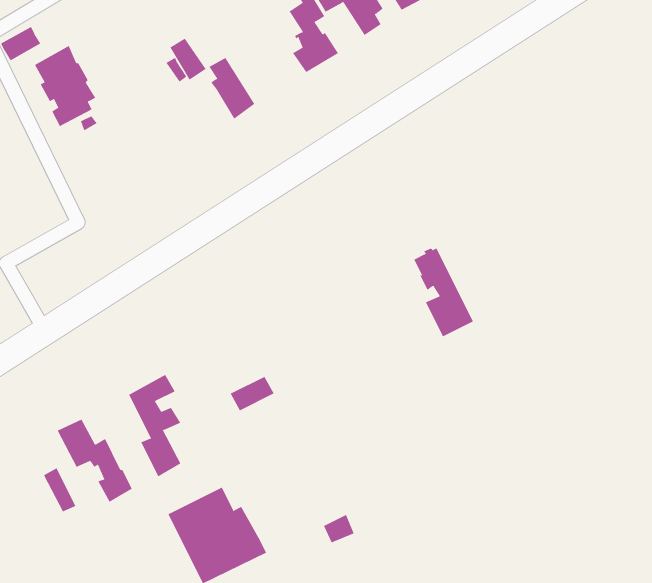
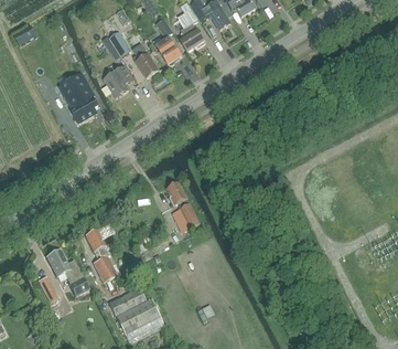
building: none -> [153,19,181,64]
building: [34,45,96,127] -> [63,75,98,121]
building: none -> [101,65,128,97]
building: [413,248,474,337] -> [165,180,200,231]

